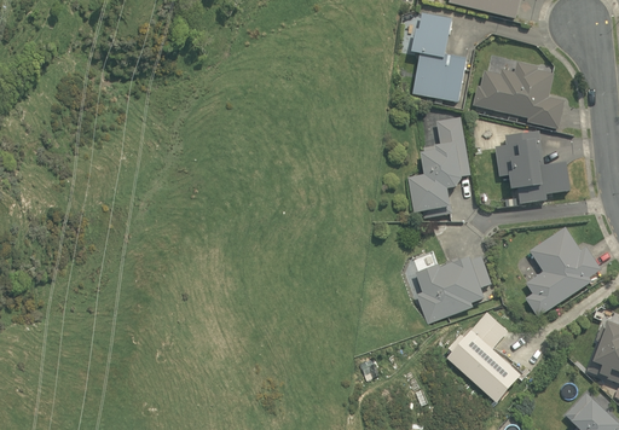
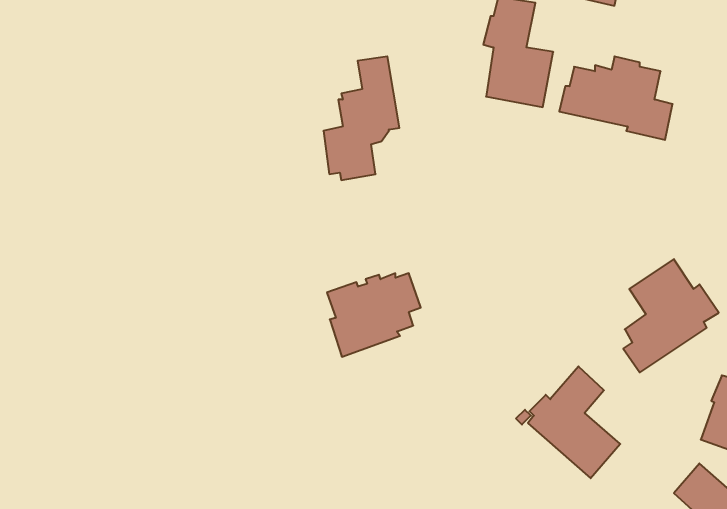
building: [409,117,470,217] -> [323,56,399,180]
building: [496,130,569,204] -> none
building: [415,256,491,324] -> [327,273,421,357]

